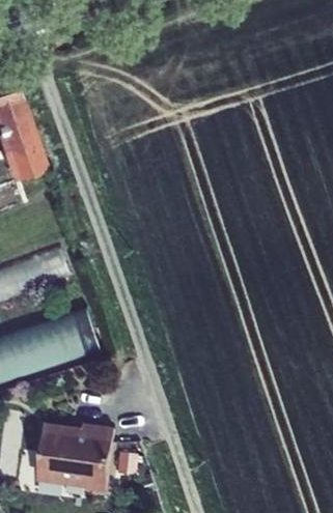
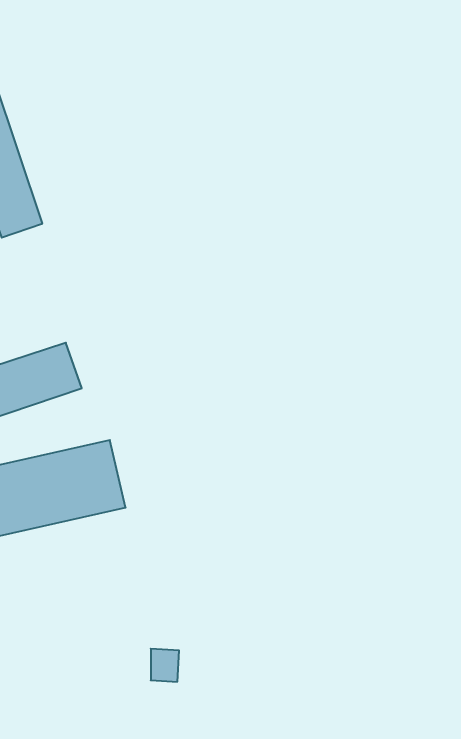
building: [36,427,113,492] -> none

